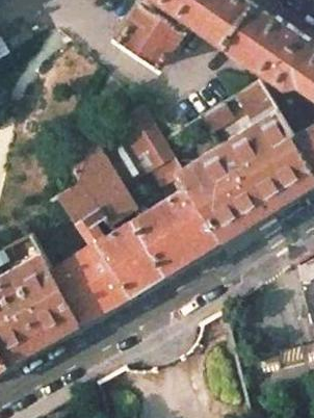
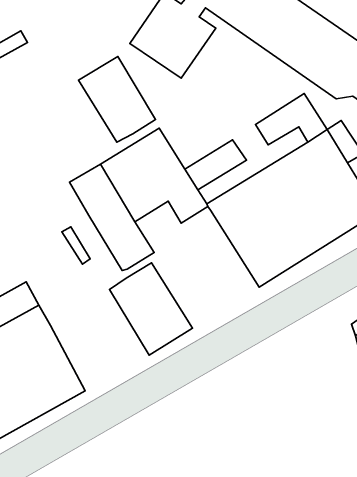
building: none -> [78,56,156,142]
building: [131,179,218,275] -> none
building: [49,243,129,325] -> none

